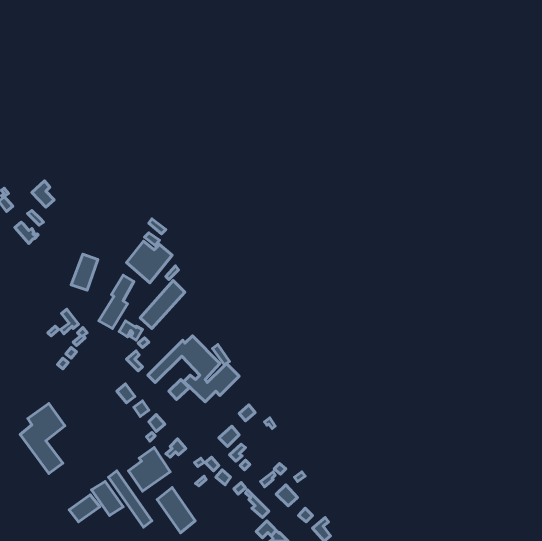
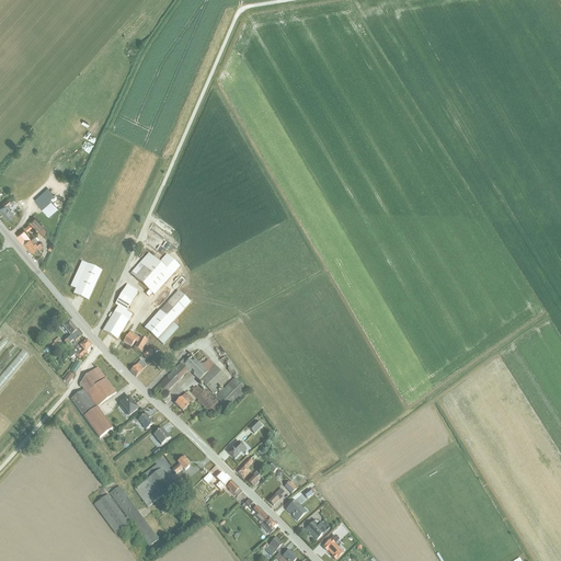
building: [20,404,65,474] -> [70,367,116,439]
building: [157,487,195,533] -> none
building: [69,495,100,522] -> none

